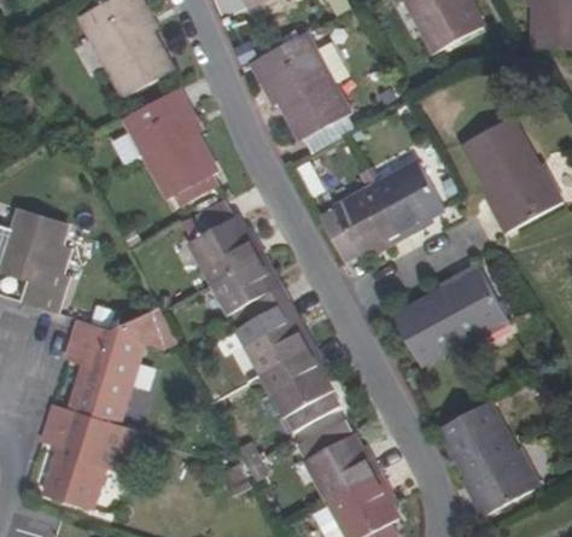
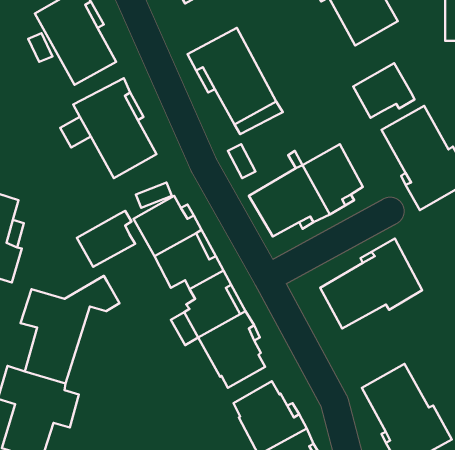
building: none -> [353,63,415,118]
building: none -> [77,211,135,267]

